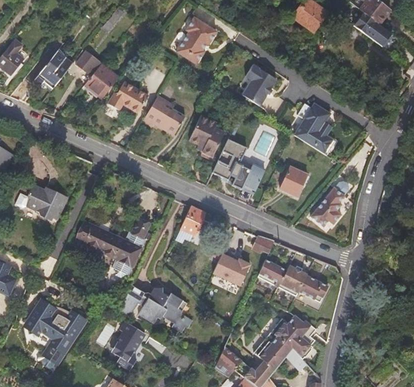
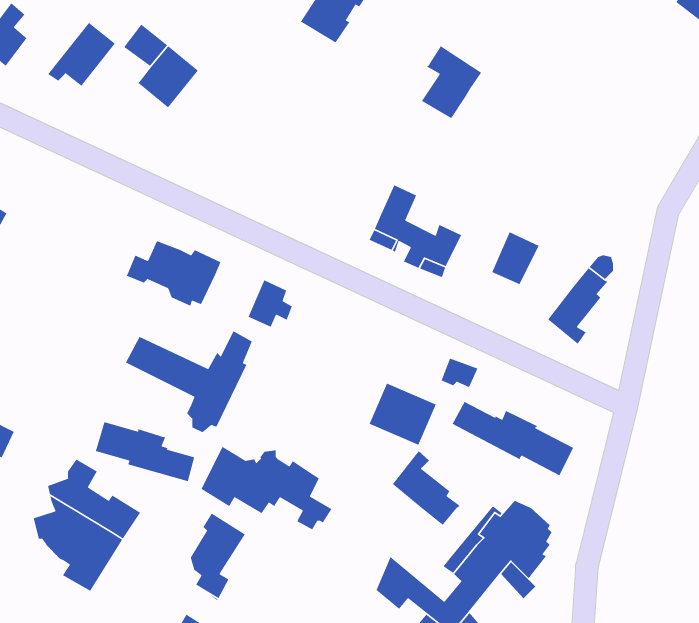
building: [108,79,147,112] -> none
building: [142,95,184,134] -> none
building: [293,102,334,155] -> none
building: [189,115,223,154] -> none
building: [15,187,68,224] -> [126,240,222,307]
building: [181,207,206,234] -> [248,279,293,328]
building: none -> [95,421,195,482]
building: none -> [392,450,461,526]

